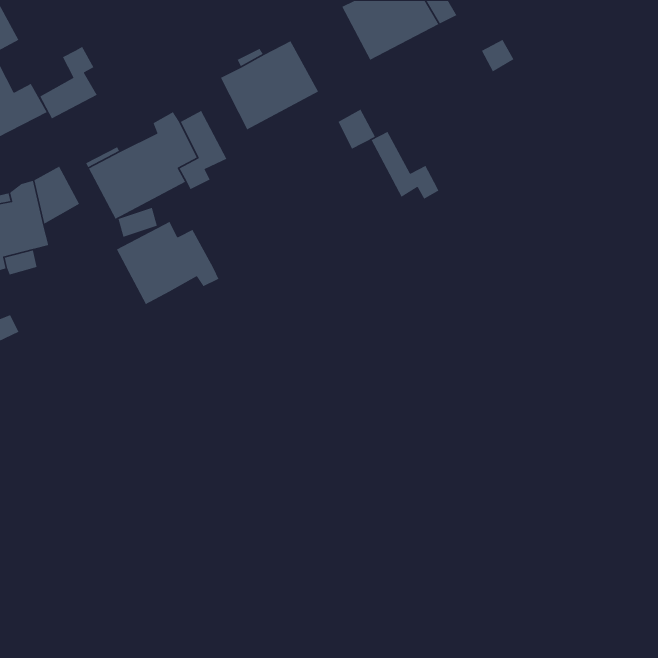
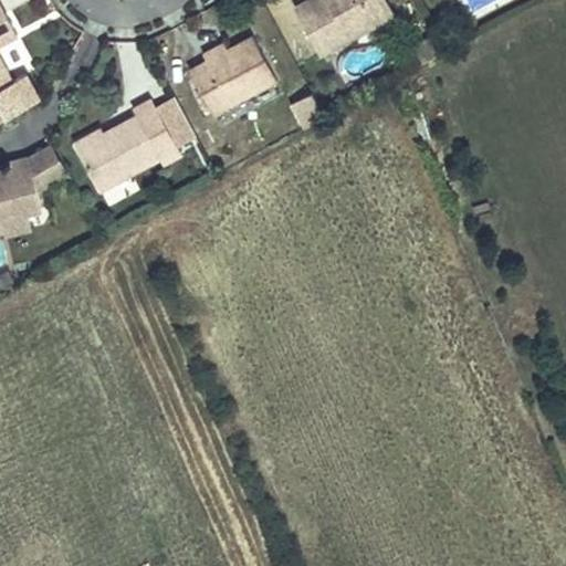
building: [39,46,98,120] -> none
building: [371,131,440,200] -> none
building: [116,221,219,305] -> none

